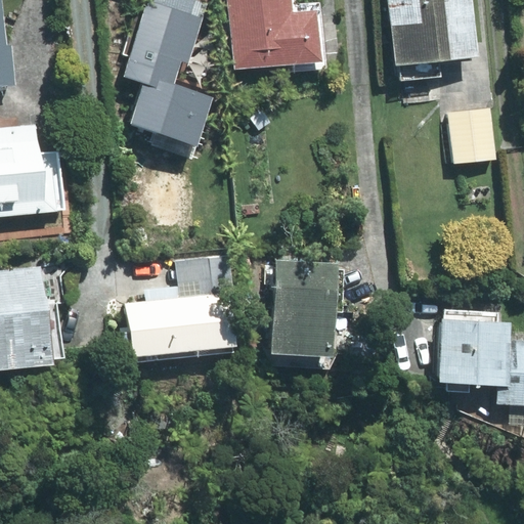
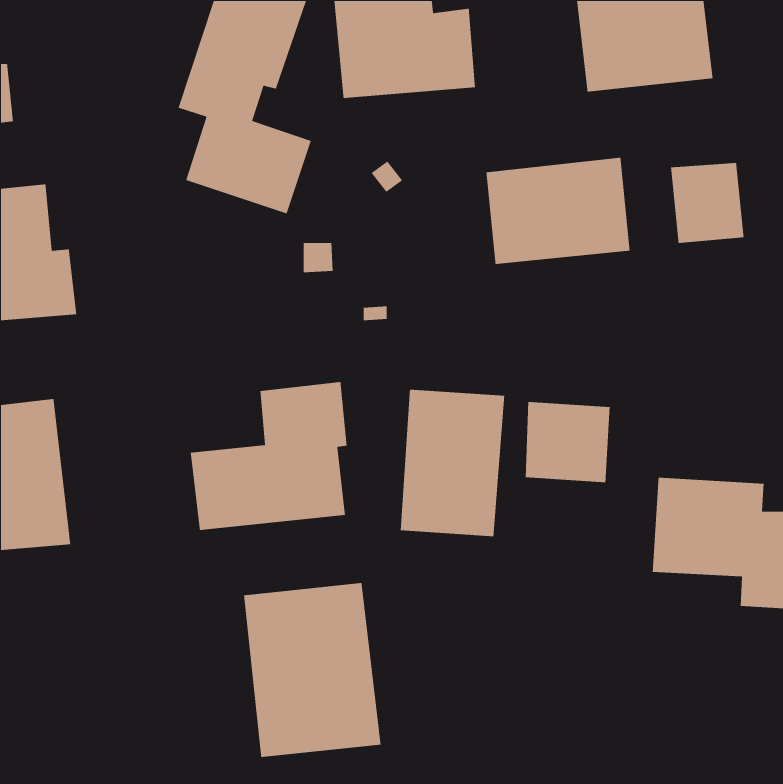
building: none -> [486,157,631,265]
building: none -> [525,401,611,483]
building: none -> [243,582,381,758]

